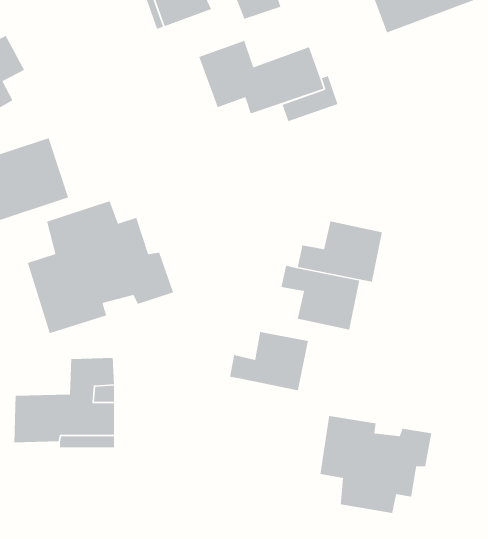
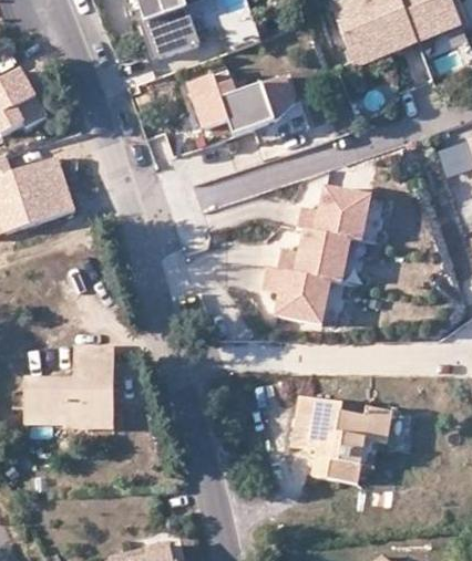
building: none -> [295,187,369,240]
building: [27,200,174,334] -> none
building: [229,331,309,391] -> none

